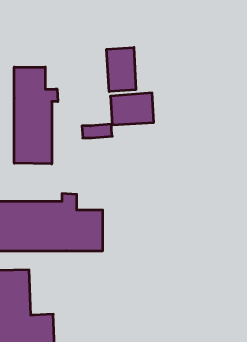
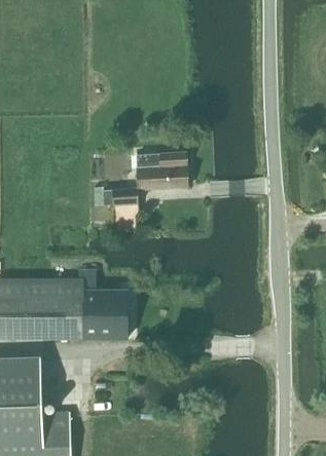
building: [107,47,136,92] -> none
building: [14,67,58,164] -> none

